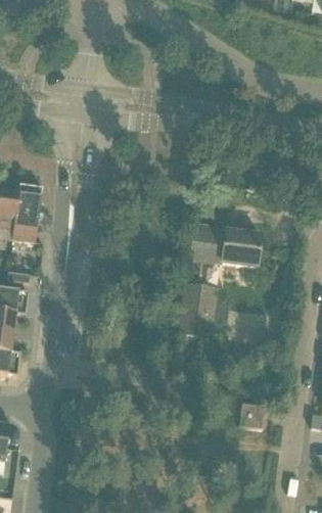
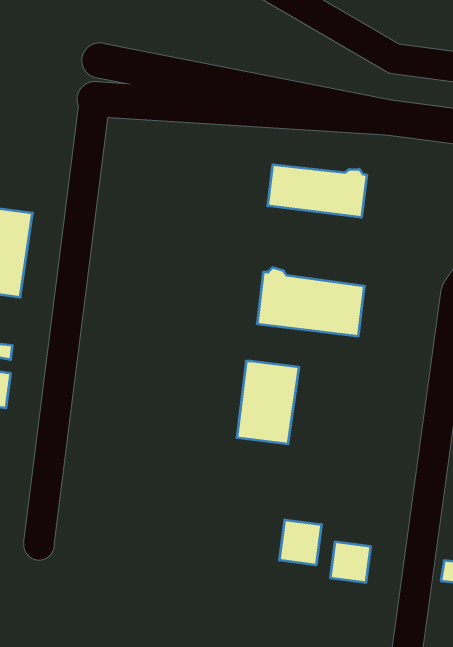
building: none -> [268,165,367,217]
building: none -> [280,520,321,565]

